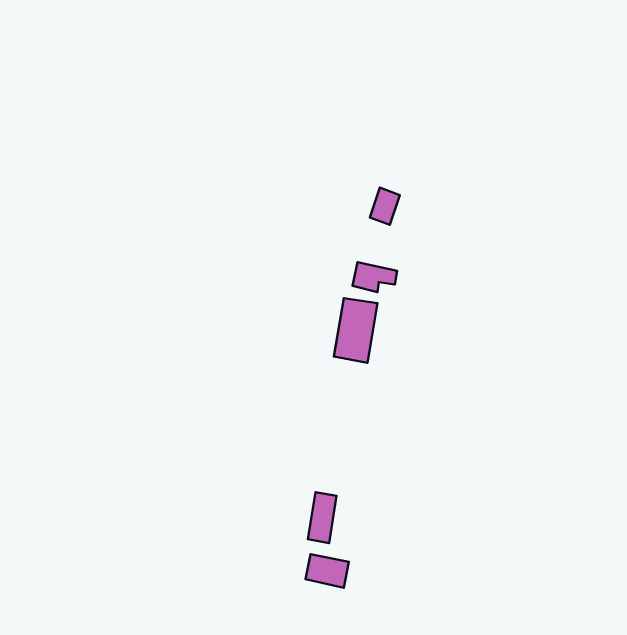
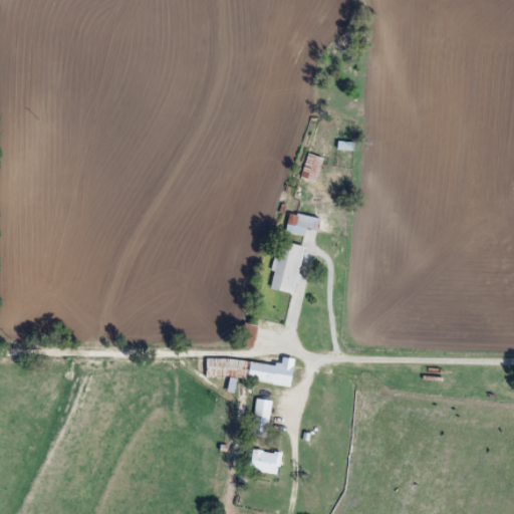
building: none -> [204,356,296,386]

